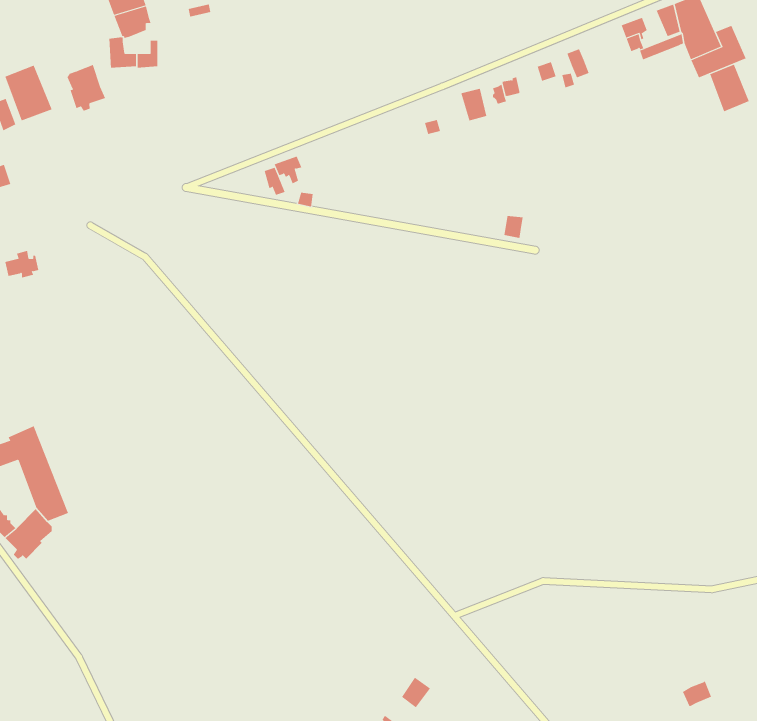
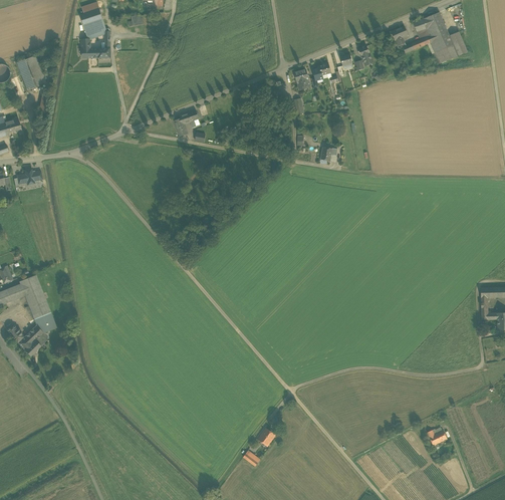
building: [709,64,750,112] -> none
building: [67,64,106,111] -> none

